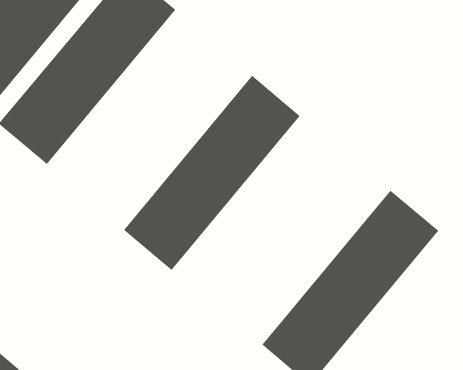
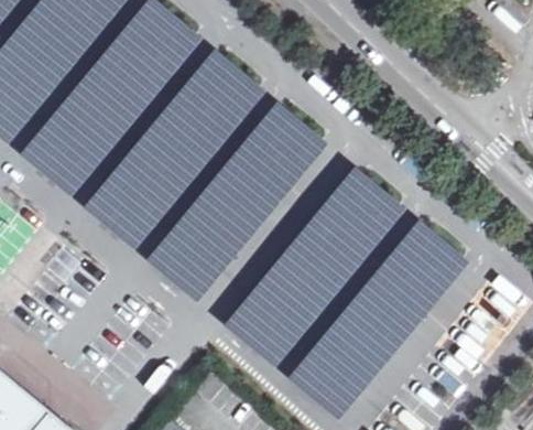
building: none -> [83,51,264,249]
building: none -> [222,169,403,367]

